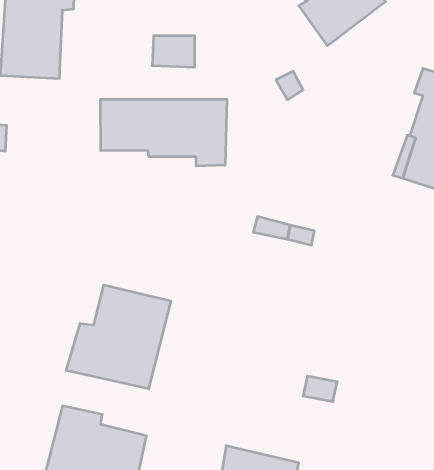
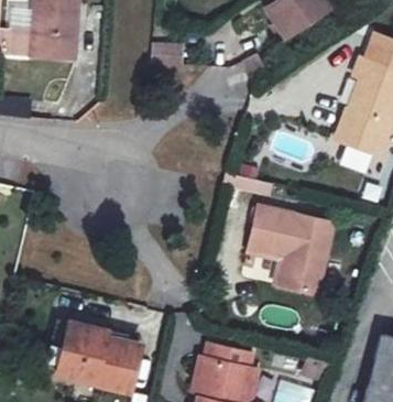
building: [101,99,227,166] -> none
building: none -> [250,204,338,296]
building: [66,285,171,389] -> none

